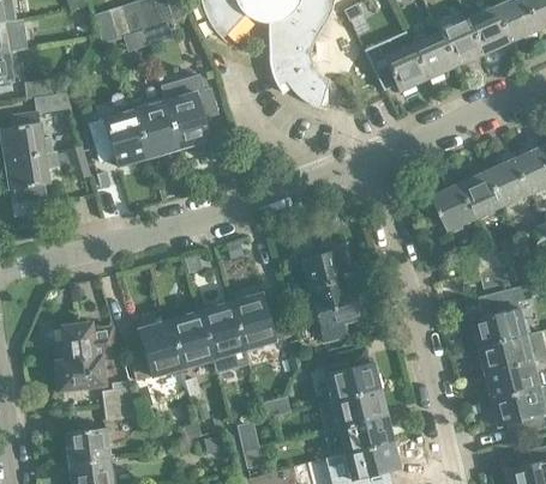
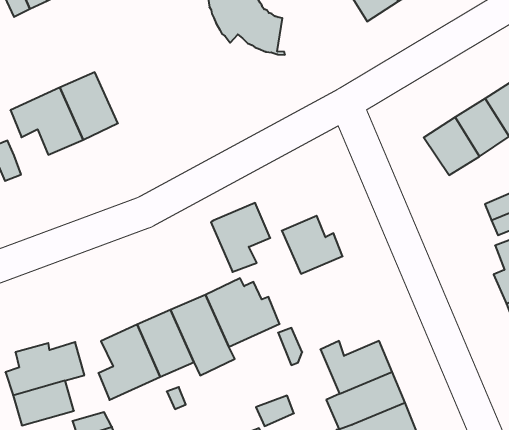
building: [160,73,216,147] -> none
building: [311,286,359,341] -> [211,203,270,272]

